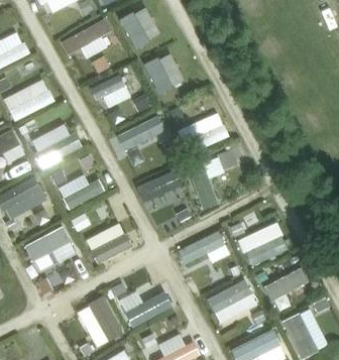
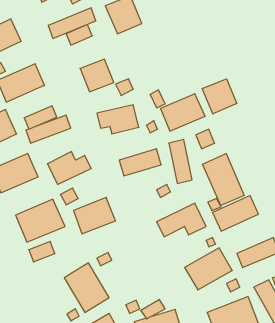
building: [143,51,185,94] -> none
building: none -> [202,79,237,114]
building: none -> [202,154,244,205]
building: [117,291,172,329] -> none

